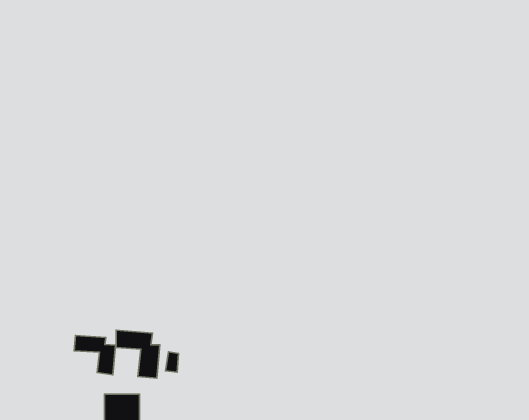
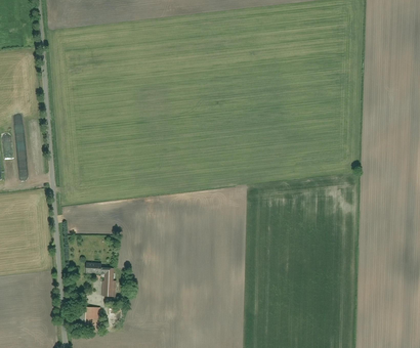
building: [74,335,115,375] -> none

